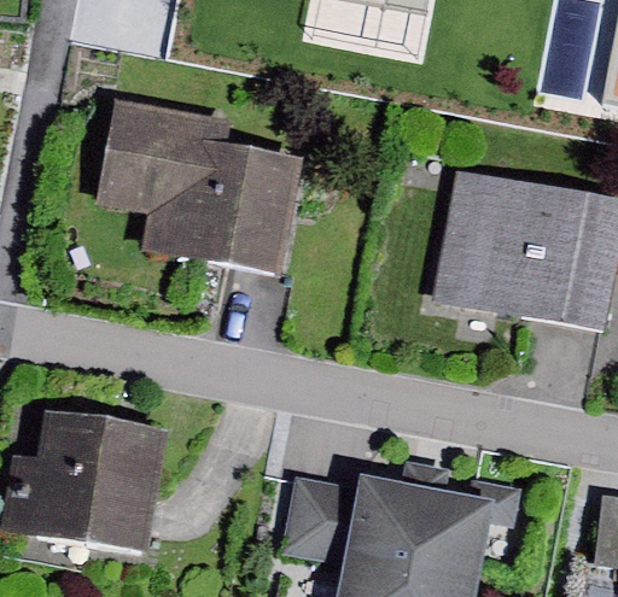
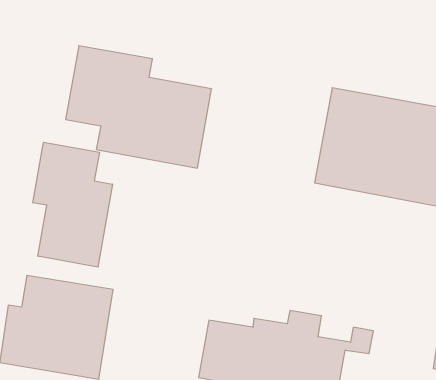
building: none -> [33,142,112,267]

